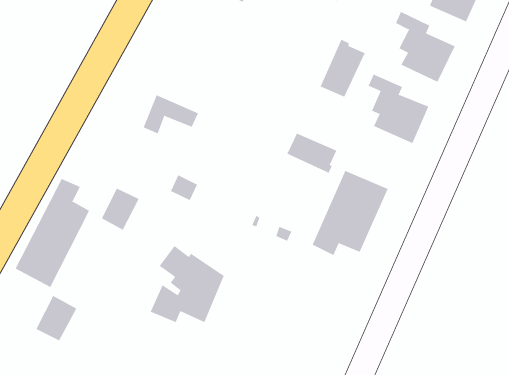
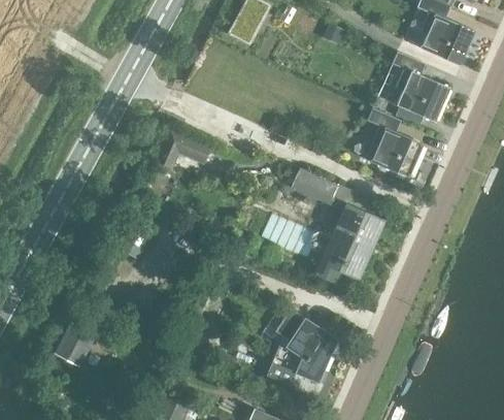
building: [320,39,366,97] -> none
building: [15,178,90,288] -> none
building: none -> [259,213,316,258]
building: [150,245,225,323] -> [265,310,335,383]

